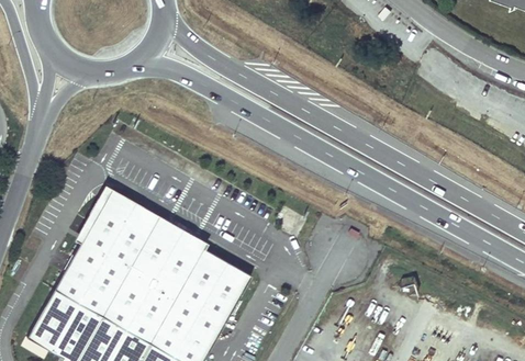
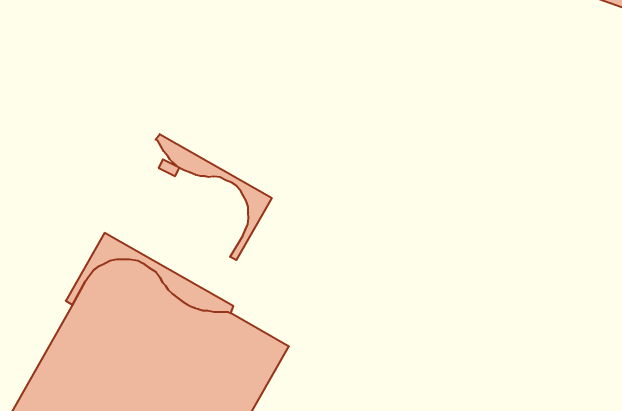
building: none -> [156,134,272,260]

